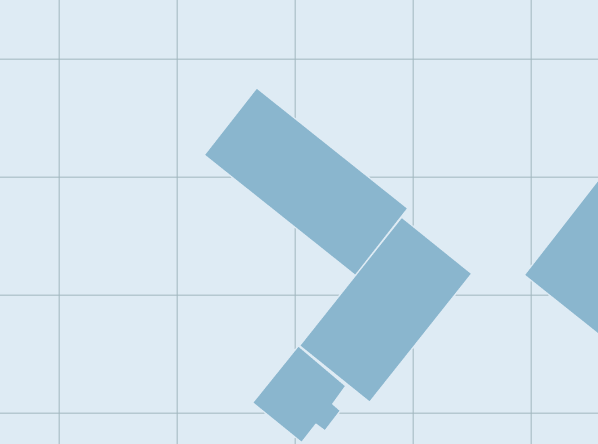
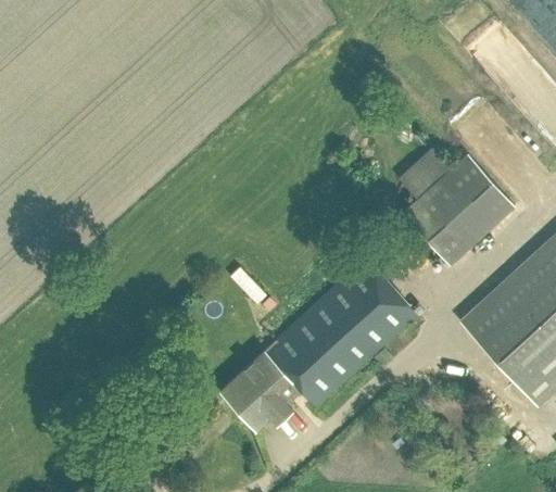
building: none -> [397,149,515,266]
building: [204,88,408,275] -> none

